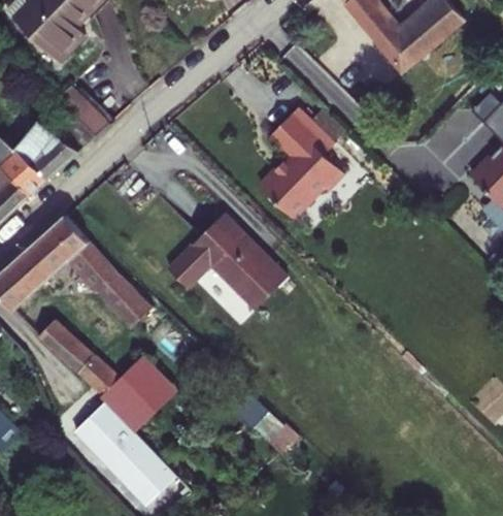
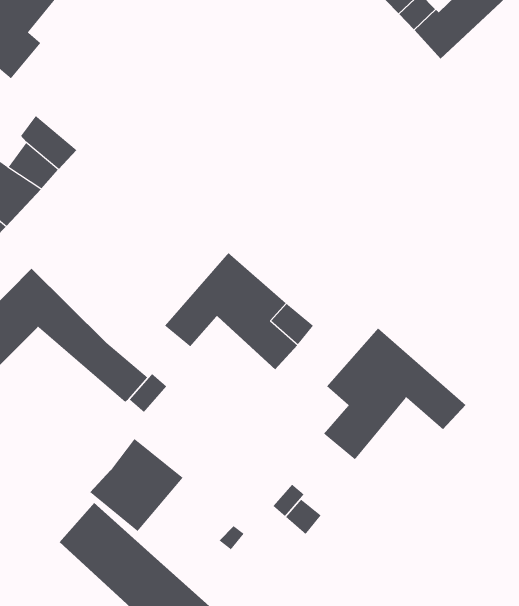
building: [259,103,343,214] -> none
building: none -> [323,327,466,460]
building: [38,320,118,395] -> none

